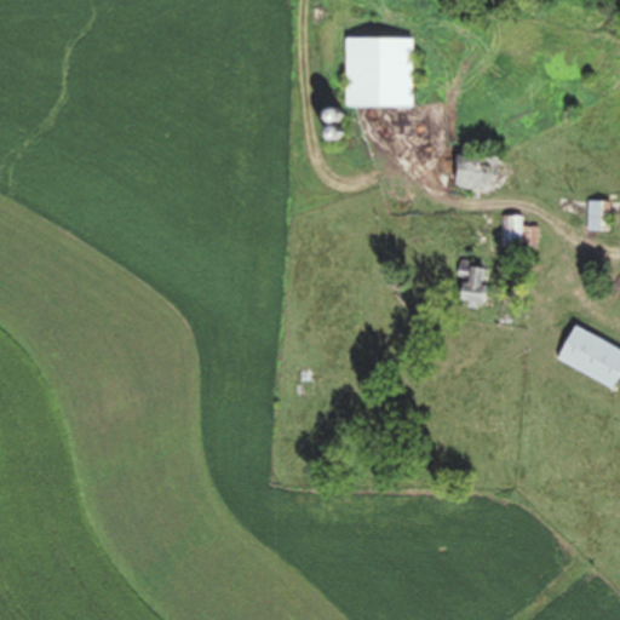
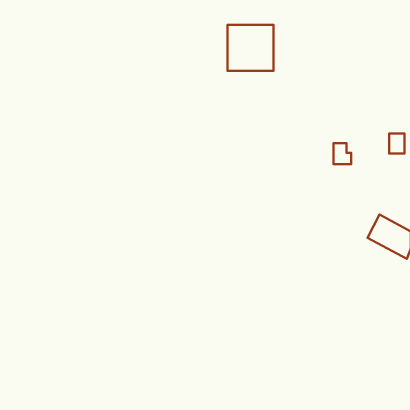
building: [450,154,498,184] -> none
building: [458,264,490,305] -> none

